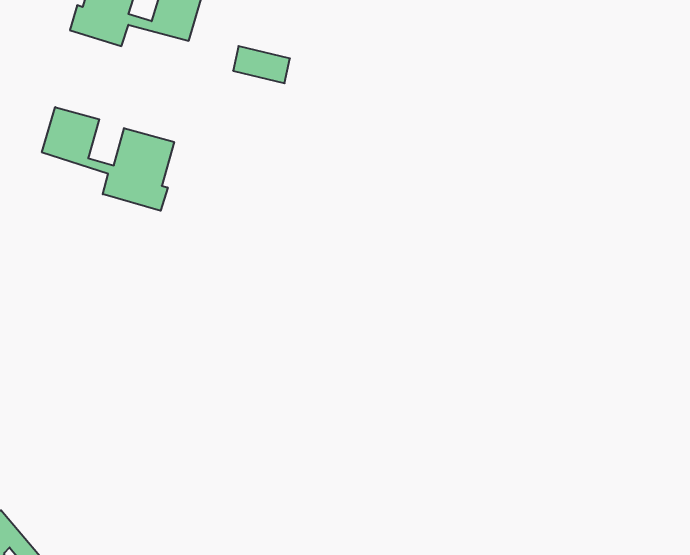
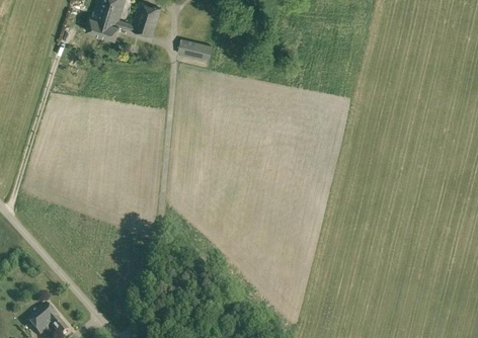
building: [42,107,174,211] -> none

